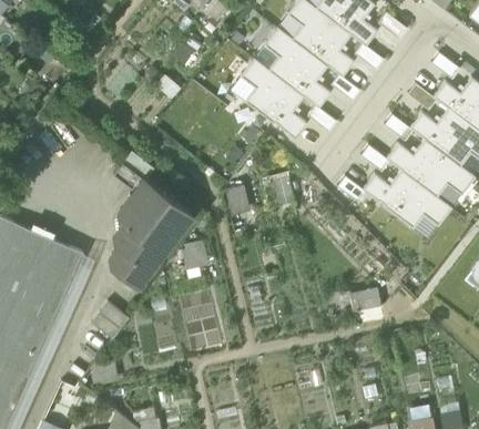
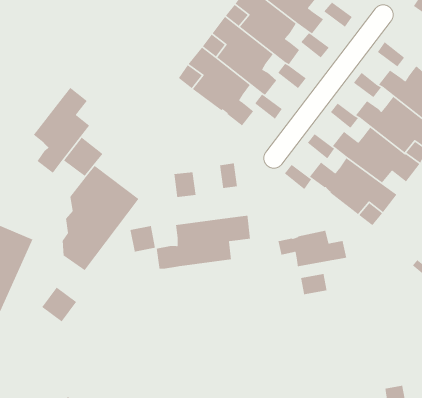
building: none -> [33,87,90,174]
building: none -> [156,215,251,270]
building: none -> [277,230,347,267]

